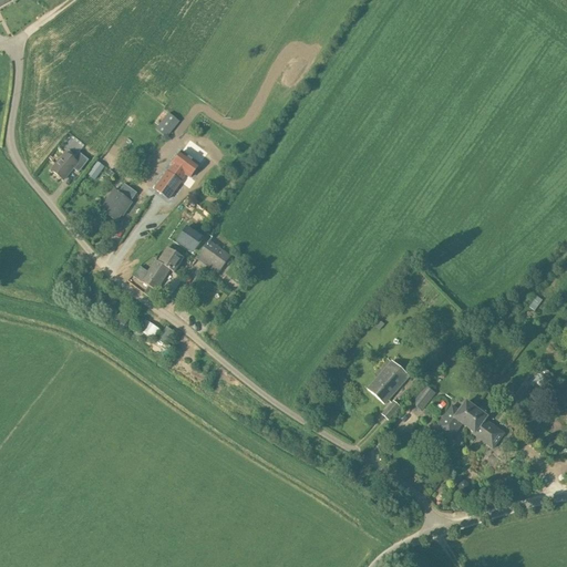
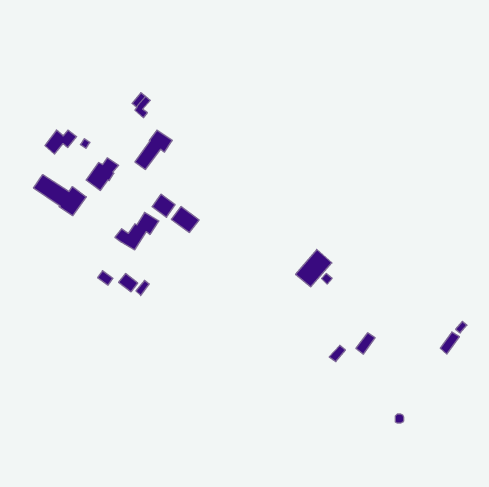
building: none -> [34,175,86,216]
building: [367,360,409,403] -> [296,249,332,287]
building: [435,401,504,447] -> none

